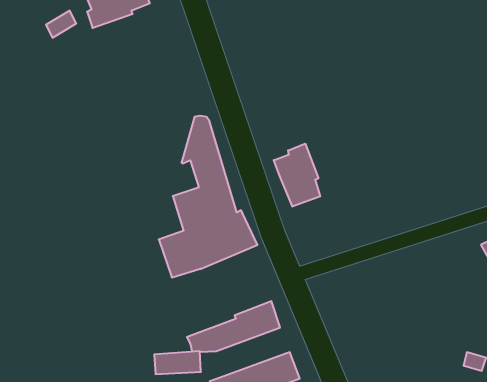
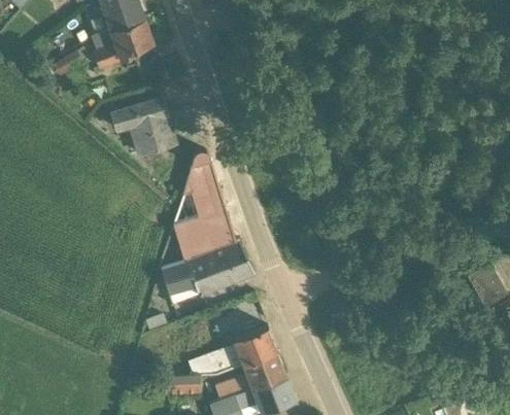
building: none -> [109,97,176,157]
building: [274,144,320,207] -> none
building: none -> [214,352,284,399]

